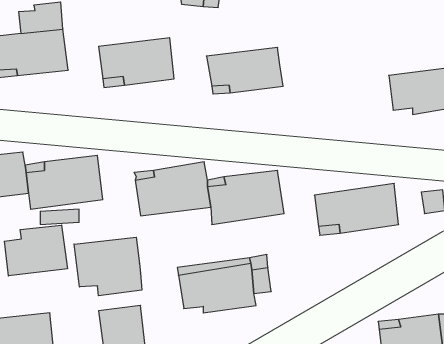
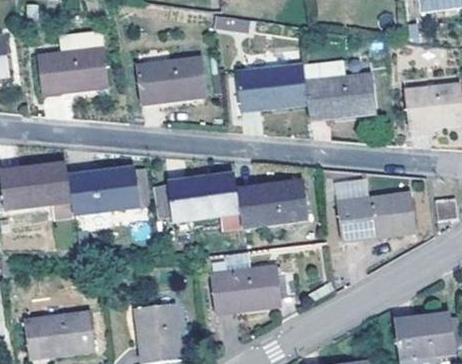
building: none -> [303,74,375,116]
building: [4,225,67,276] -> none
building: [74,237,142,296] -> none

